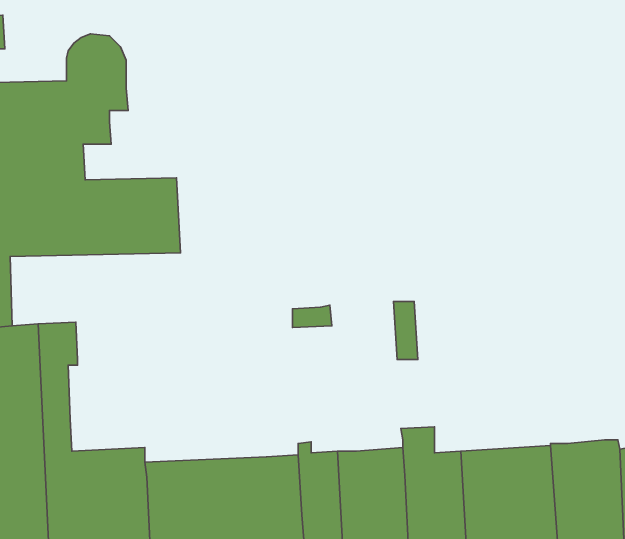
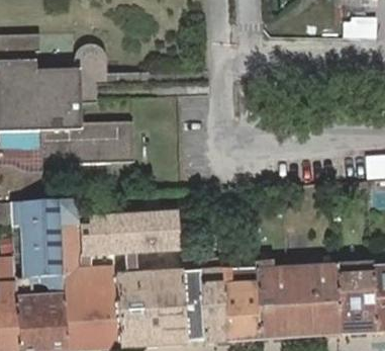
building: none -> [75,212,177,251]

